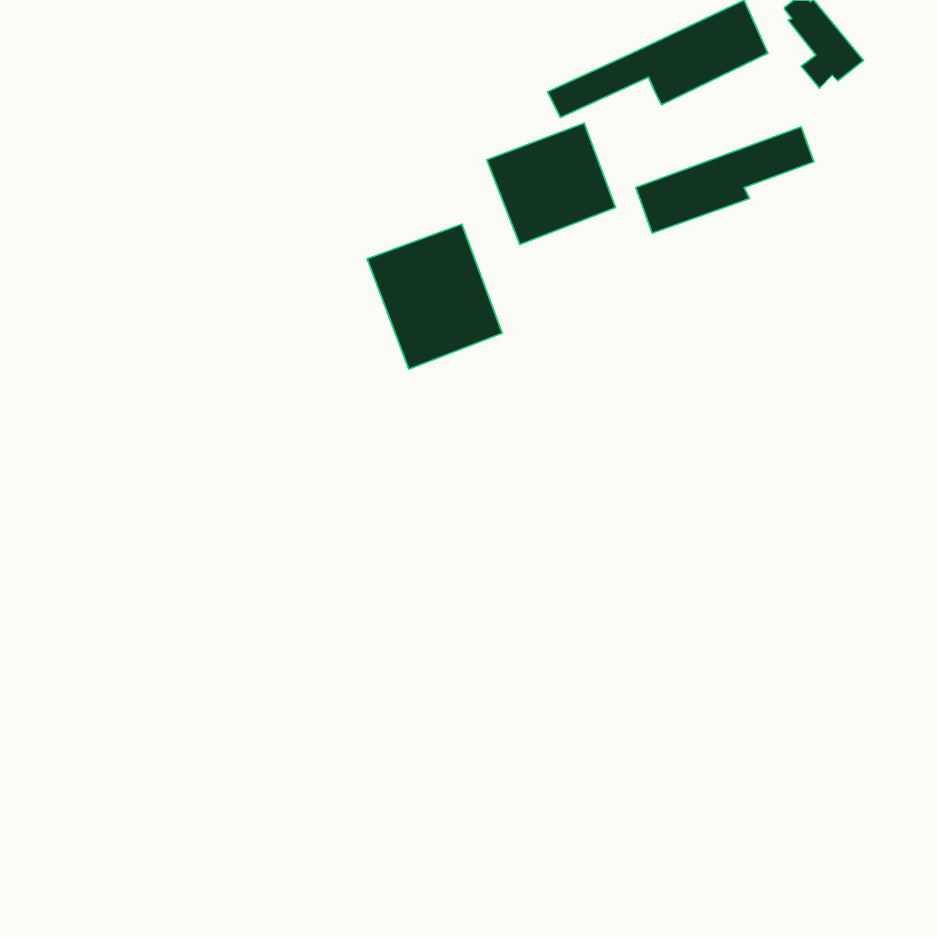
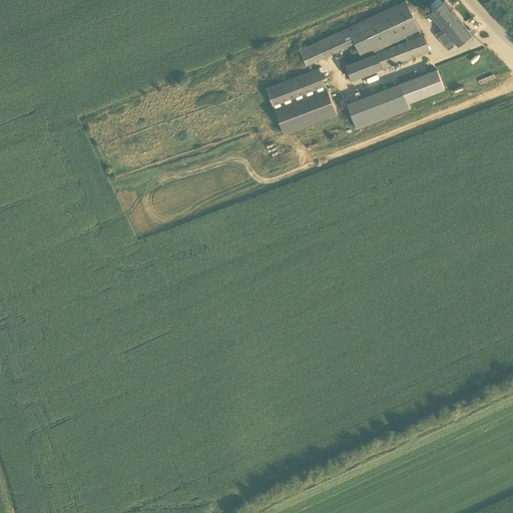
building: none -> [344,35,429,82]
building: [367,224,502,369] -> none

